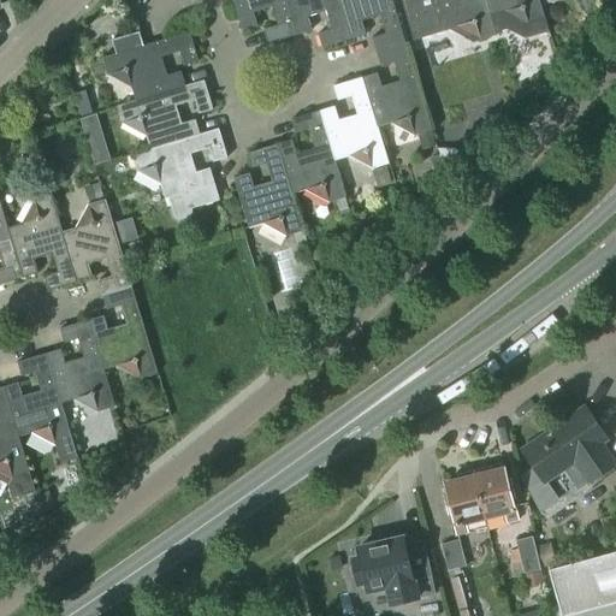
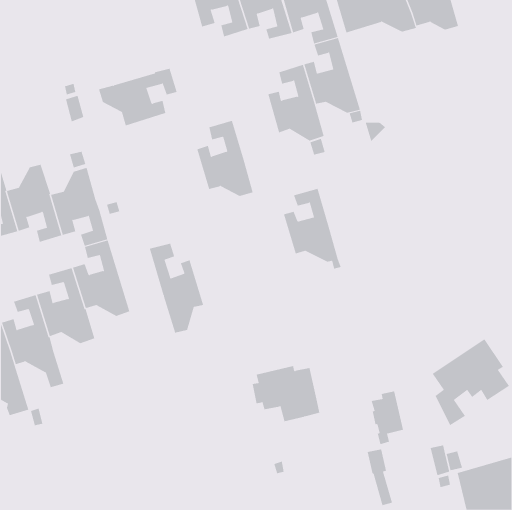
building: [103,32,200,102] -> none
building: [279,113,349,211] -> [283,188,341,269]
building: [132,129,229,223] -> none
building: none -> [149,243,204,334]
building: [474,466,520,522] -> none
building: [353,535,434,603] -> [252,366,320,422]

